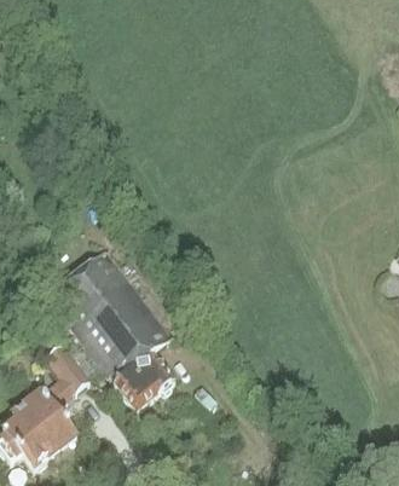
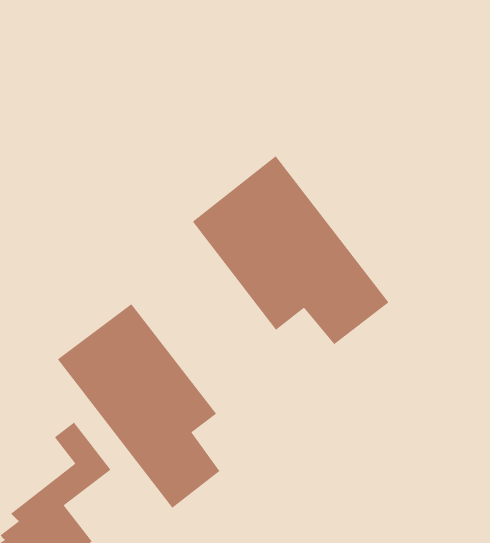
building: none -> [192,155,390,345]

